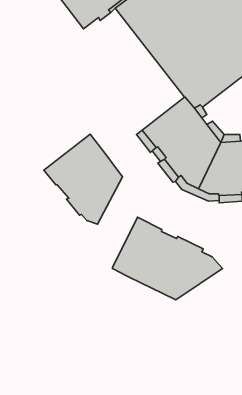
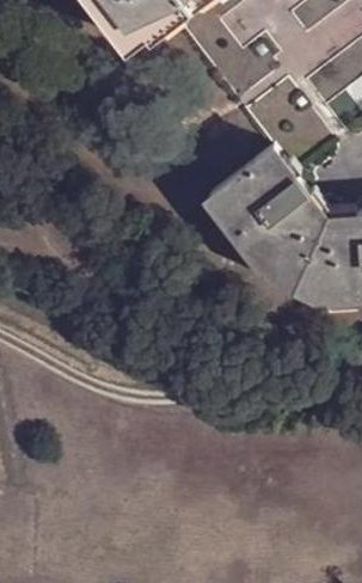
building: [44,134,122,224] -> none
building: [112,217,222,300] -> none

